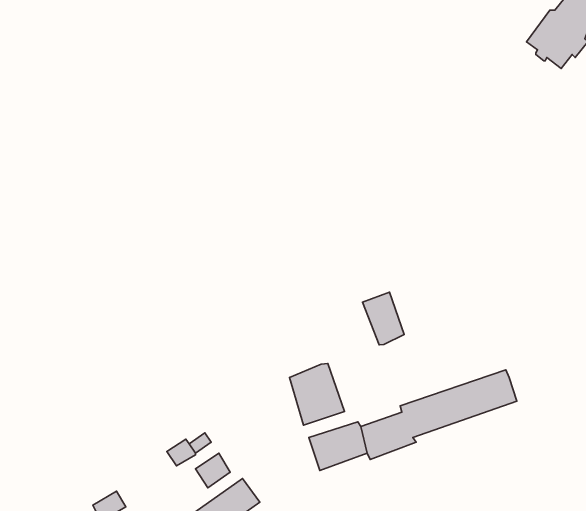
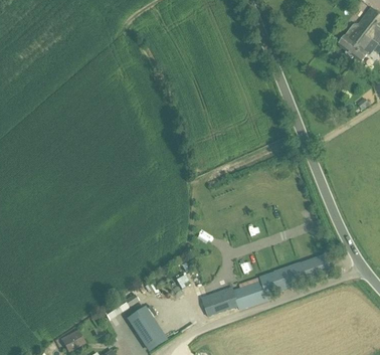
building: [363,292,404,345] -> none
building: [289,363,345,425] -> none

